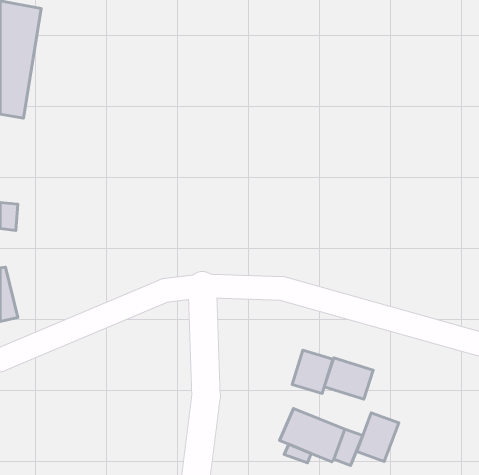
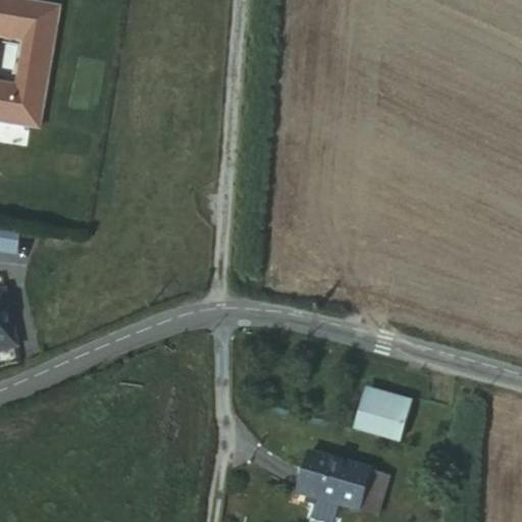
building: [292,350,333,394] -> none
building: [357,413,399,462] -> none

